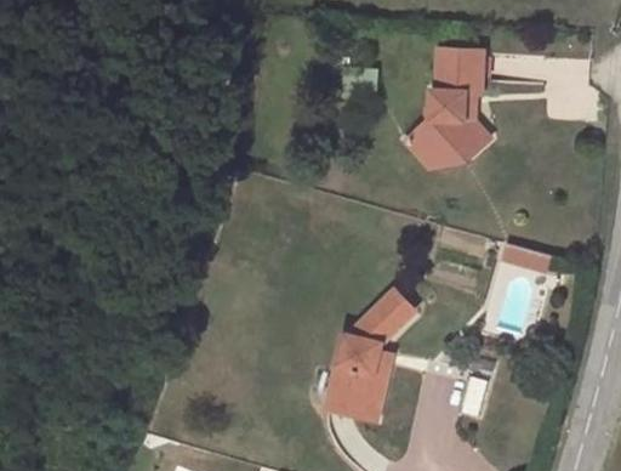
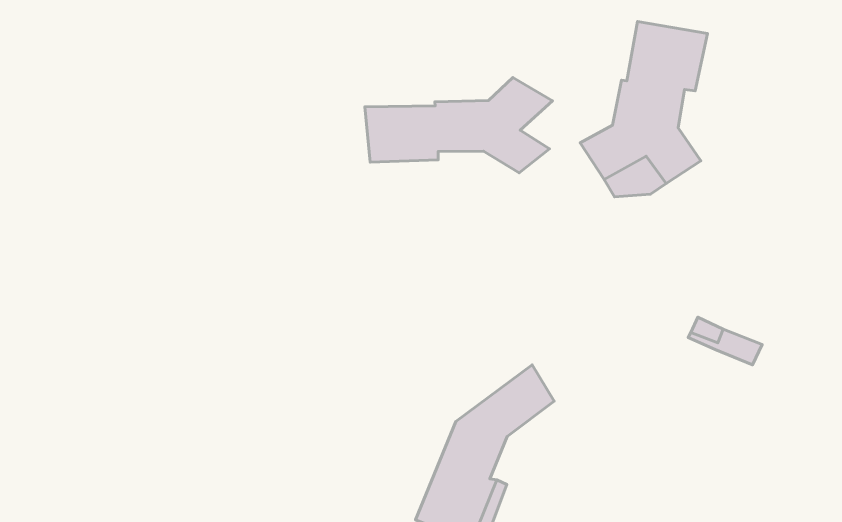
building: none -> [365,78,552,173]

